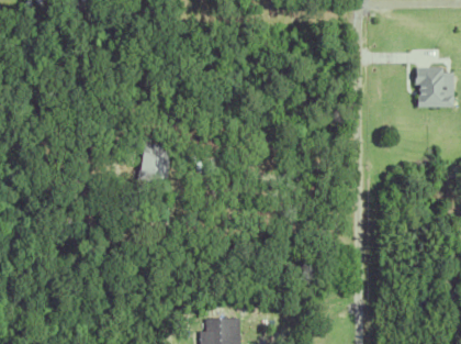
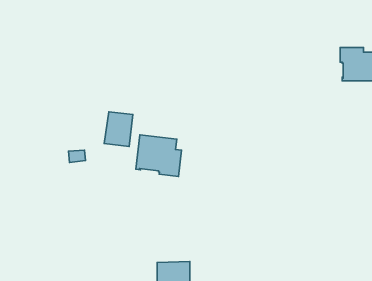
building: none -> [136,135,182,176]

